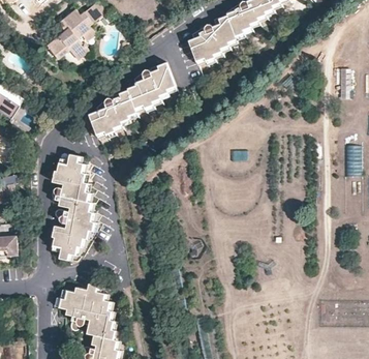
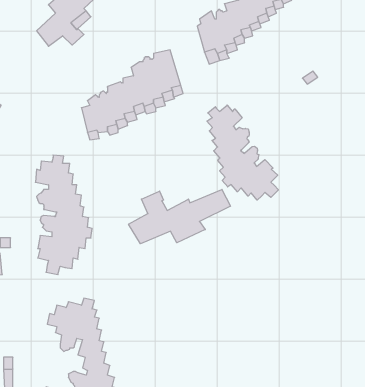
building: none -> [207,105,278,200]
building: none -> [129,189,230,244]

